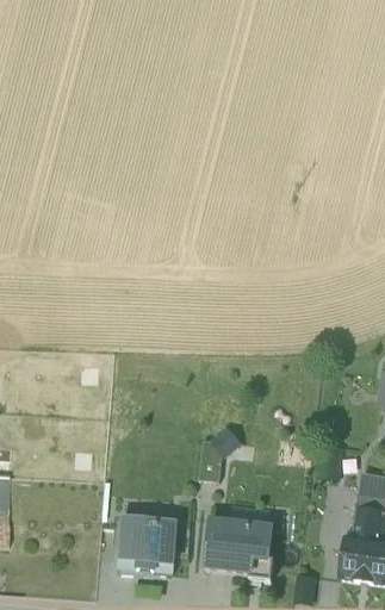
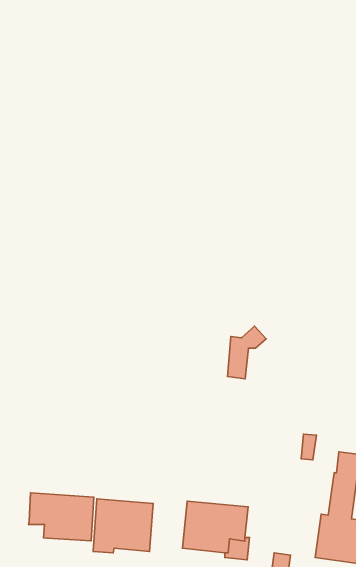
building: [201,428,241,481] -> [227,326,266,379]
building: none -> [29,493,94,541]

